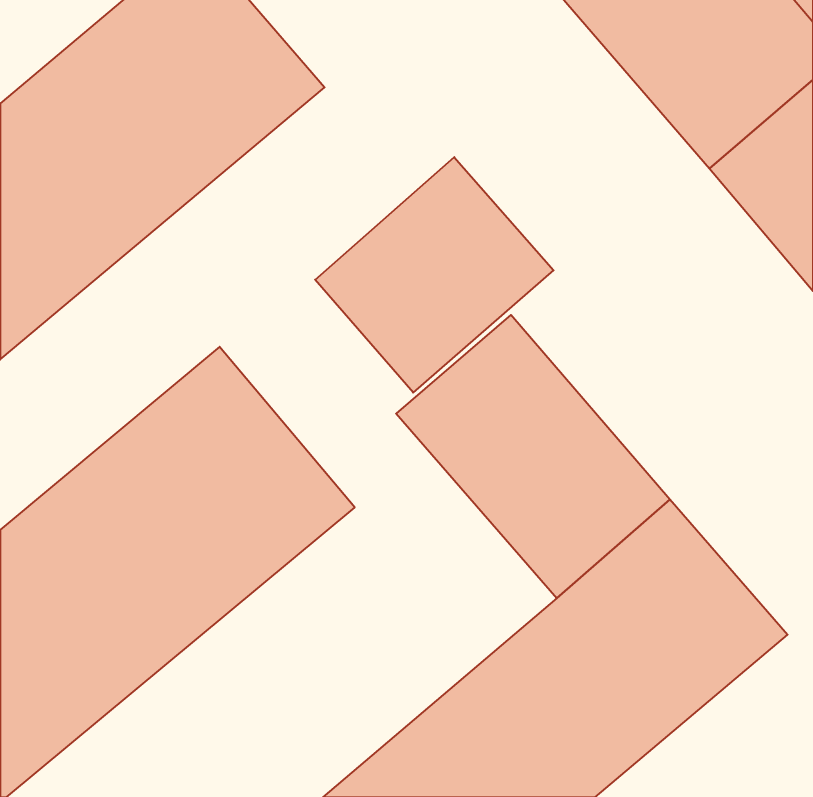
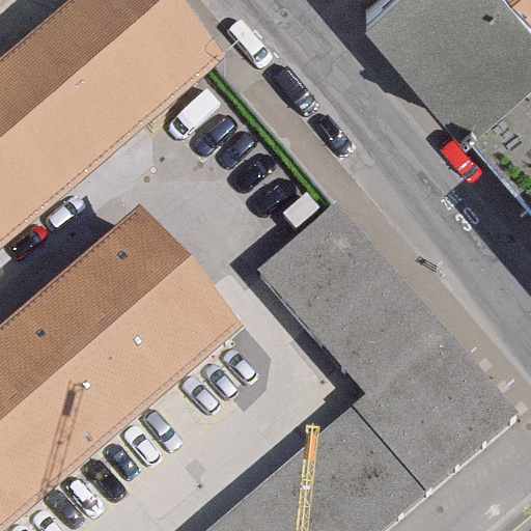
building: [315,157,554,393] -> none

